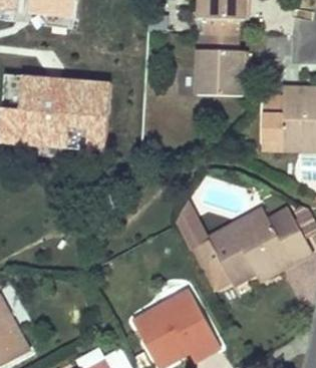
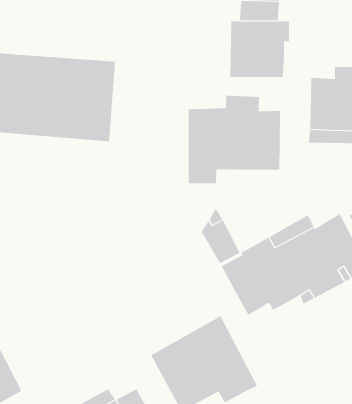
building: none -> [188,95,281,184]

